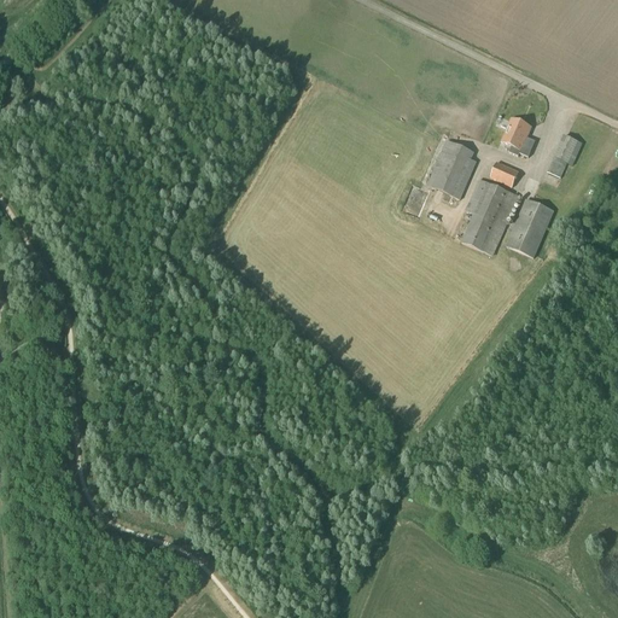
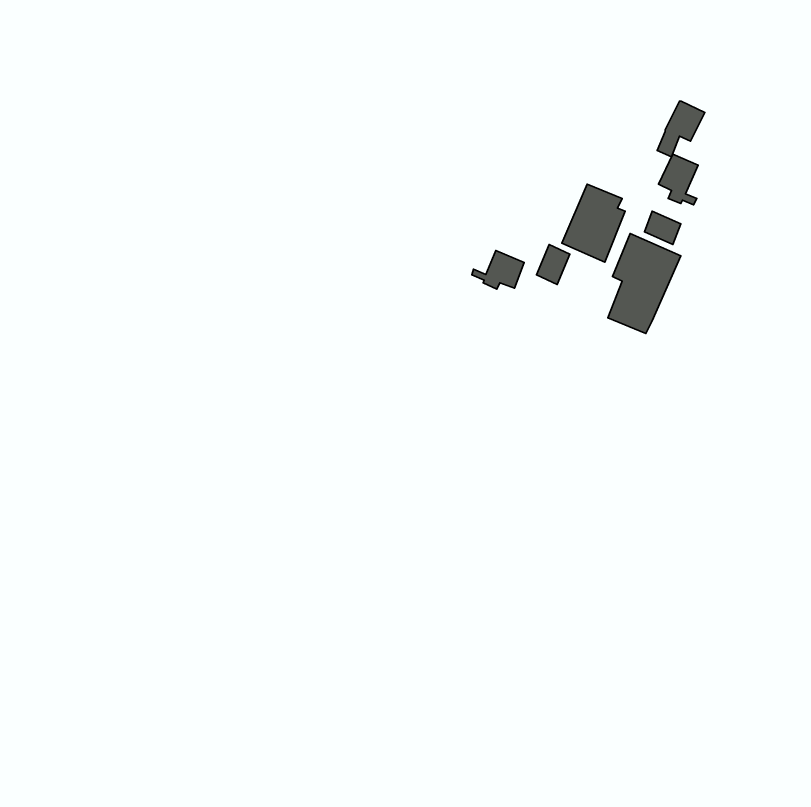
building: [547,134,583,176] -> [657,101,705,157]
building: none -> [472,251,524,289]
building: [506,198,554,257] -> none

